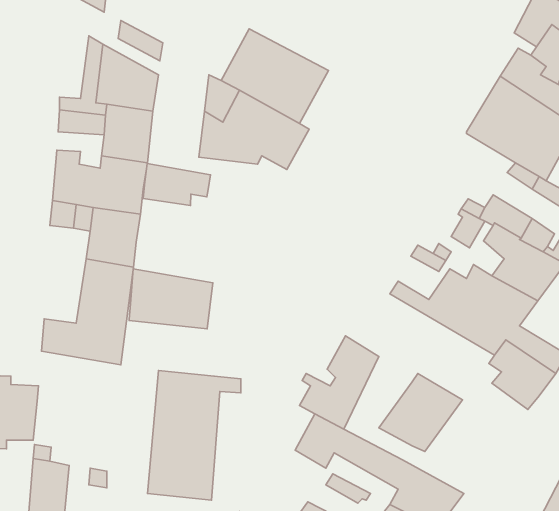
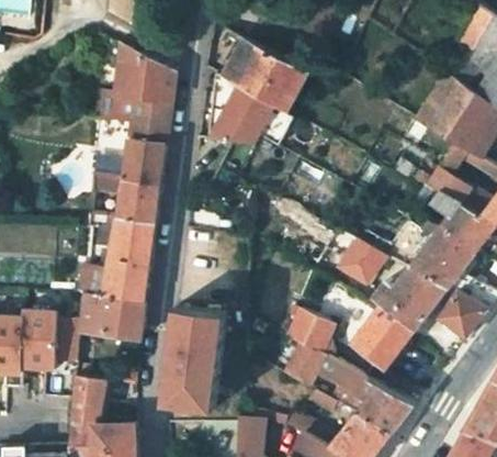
building: [143,164,210,206] -> none
building: [129,269,213,329] -> [79,292,145,339]
building: none -> [321,234,439,331]

